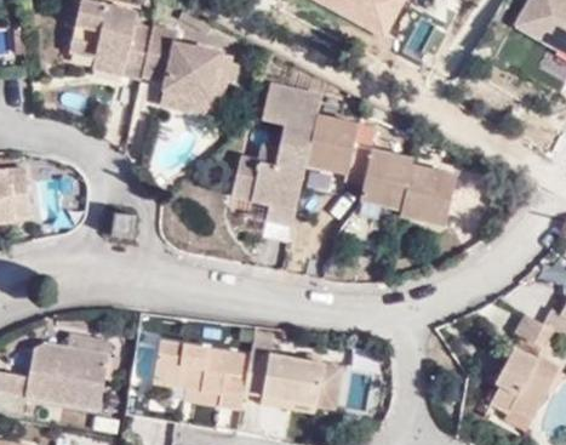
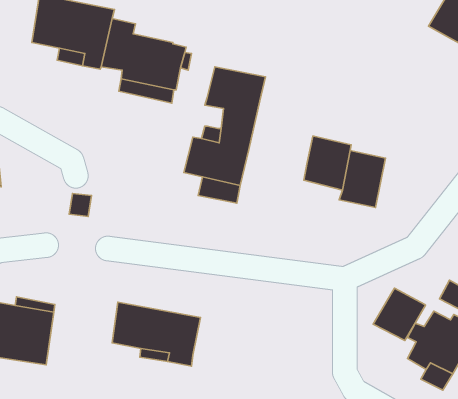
building: [307,115,383,183] -> none
building: none -> [373,288,426,341]
building: [245,354,345,410] -> none

